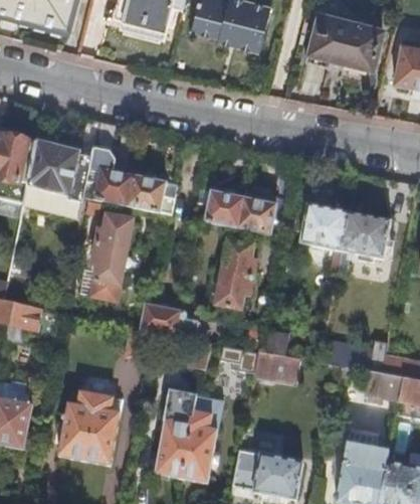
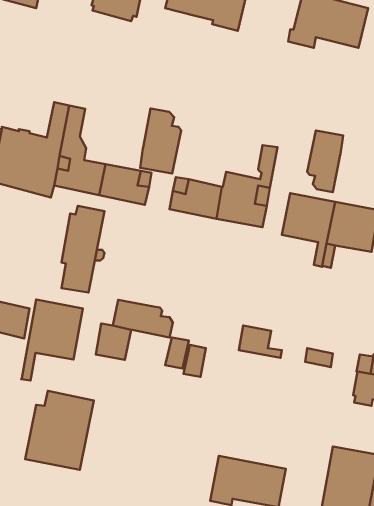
building: none -> [140,108,181,173]
building: none -> [307,131,343,192]
building: [215,239,256,309] -> none
building: none -> [21,299,83,380]
building: [254,351,300,380] -> none
building: [156,389,223,483] -> none

